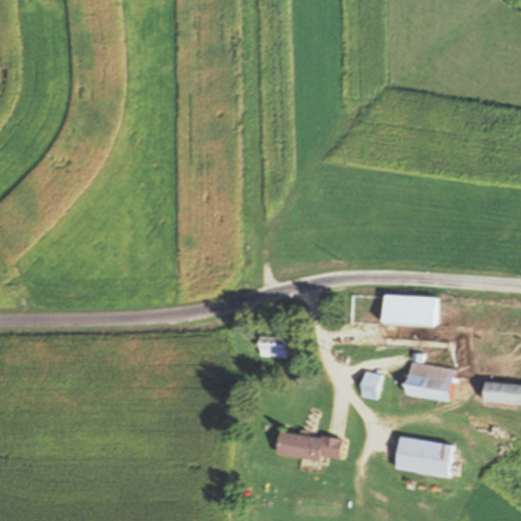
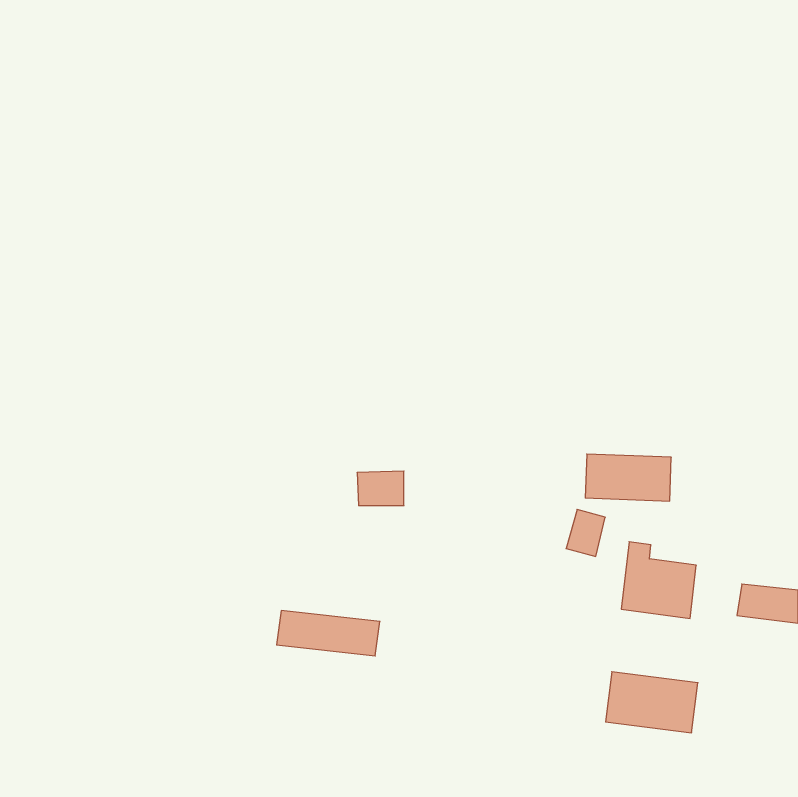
building: [258,336,289,358] -> [357,471,404,506]
building: [358,370,384,401] -> [566,509,605,556]
building: [276,431,343,461] -> [277,611,380,656]

